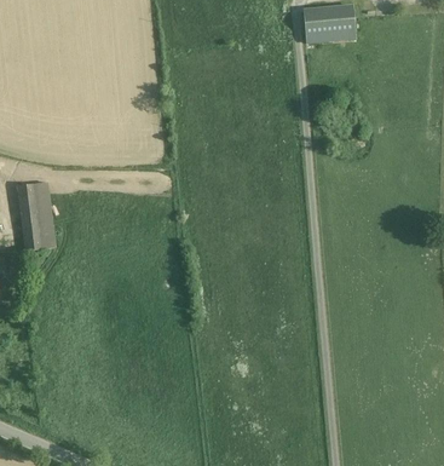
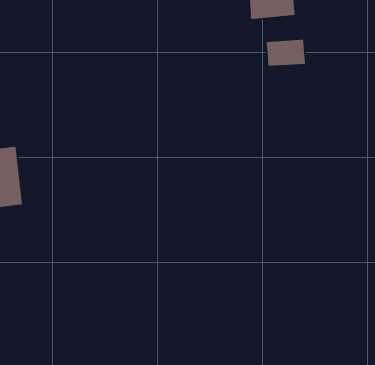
building: none -> [266,39,306,67]

